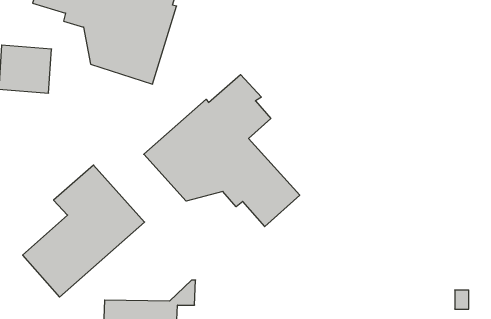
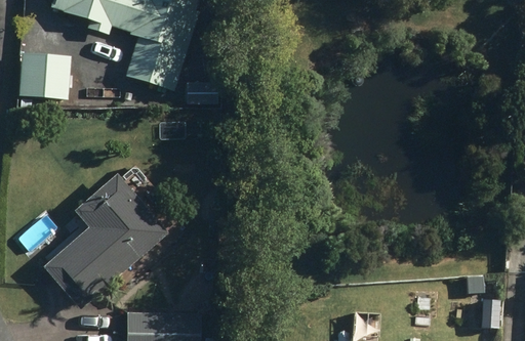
building: [144,75,300,227] -> none

